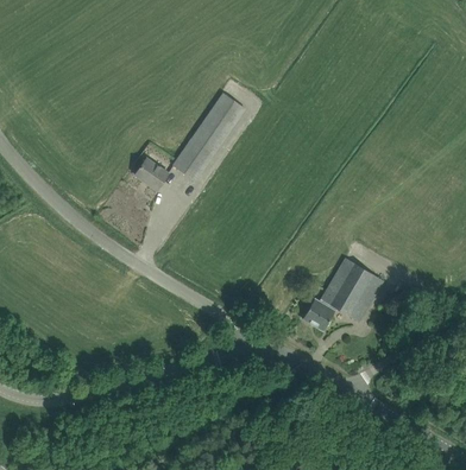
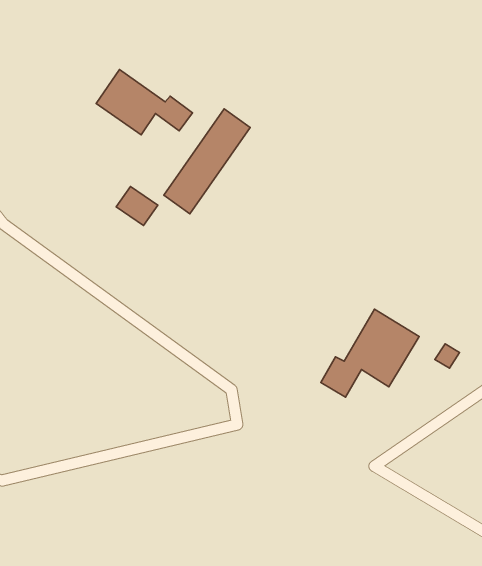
building: none -> [96,69,192,135]

